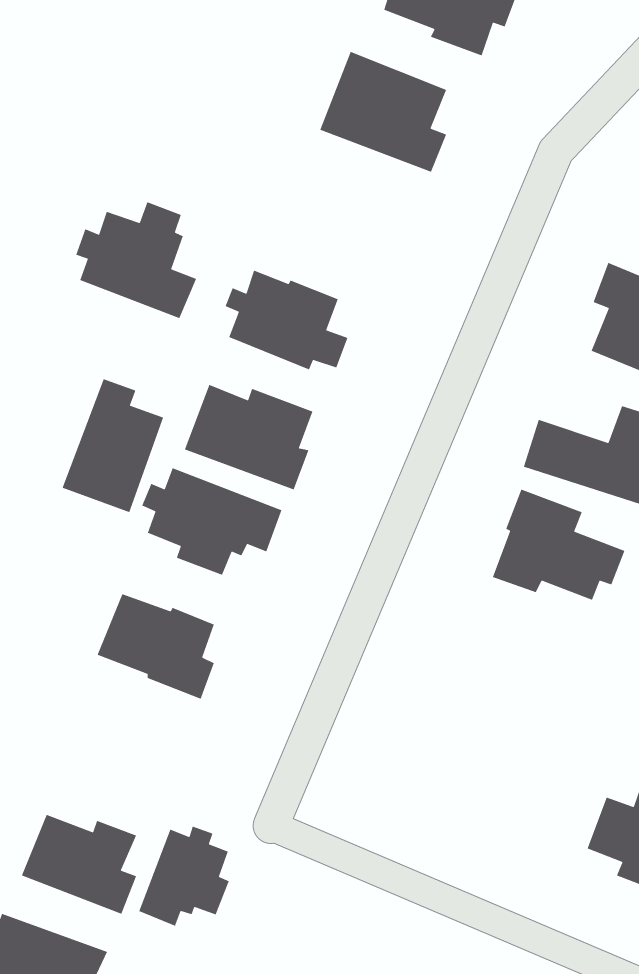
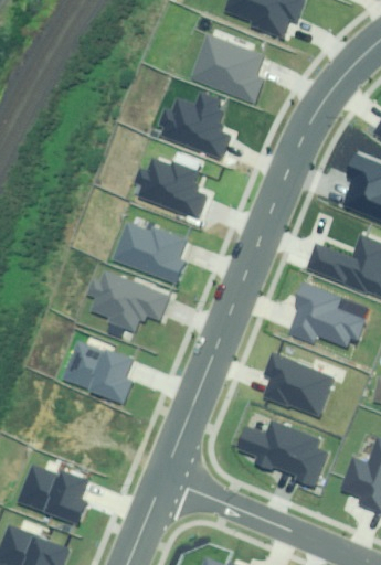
building: [75,201,197,319] -> [161,90,231,158]
building: [62,378,164,513] -> none
building: none -> [264,352,336,415]
building: none -> [240,419,328,486]
building: [138,826,230,927] -> none

